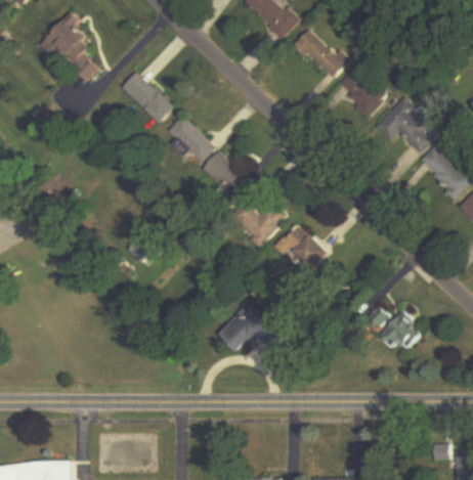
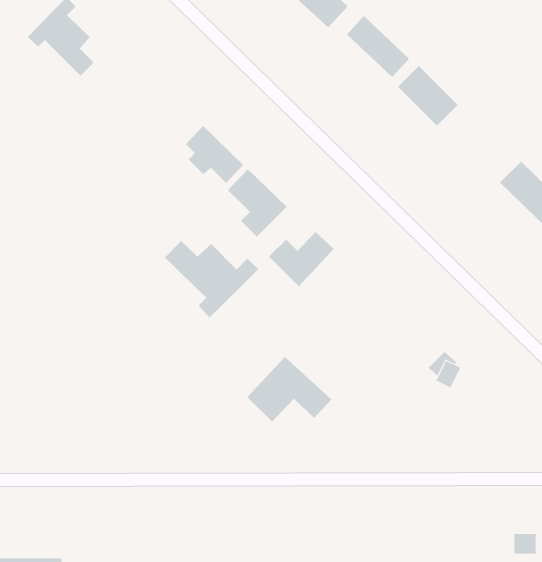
building: [126,77,173,123] -> none
building: [375,98,439,154] -> none
building: none -> [164,240,259,319]
building: [271,222,326,269] -> none
building: [376,311,421,349] -> none

